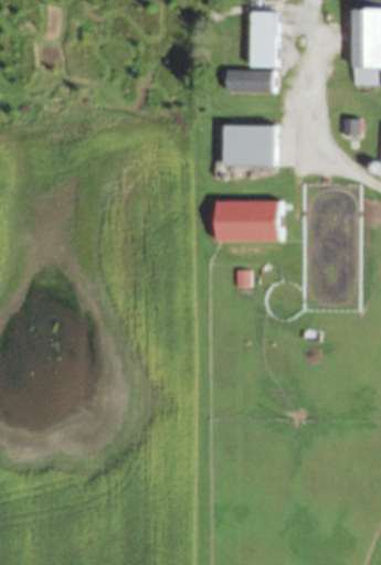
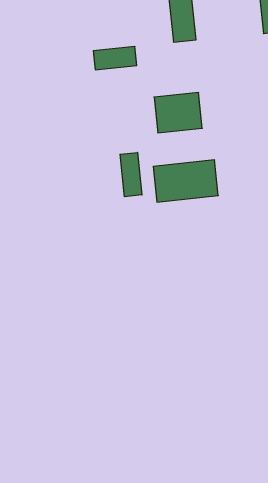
building: [226,72,273,93] -> [93,47,137,70]
building: none -> [120,152,142,197]

